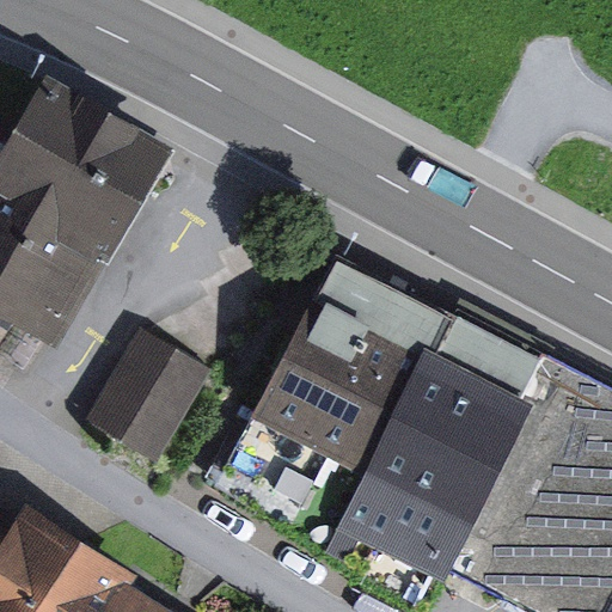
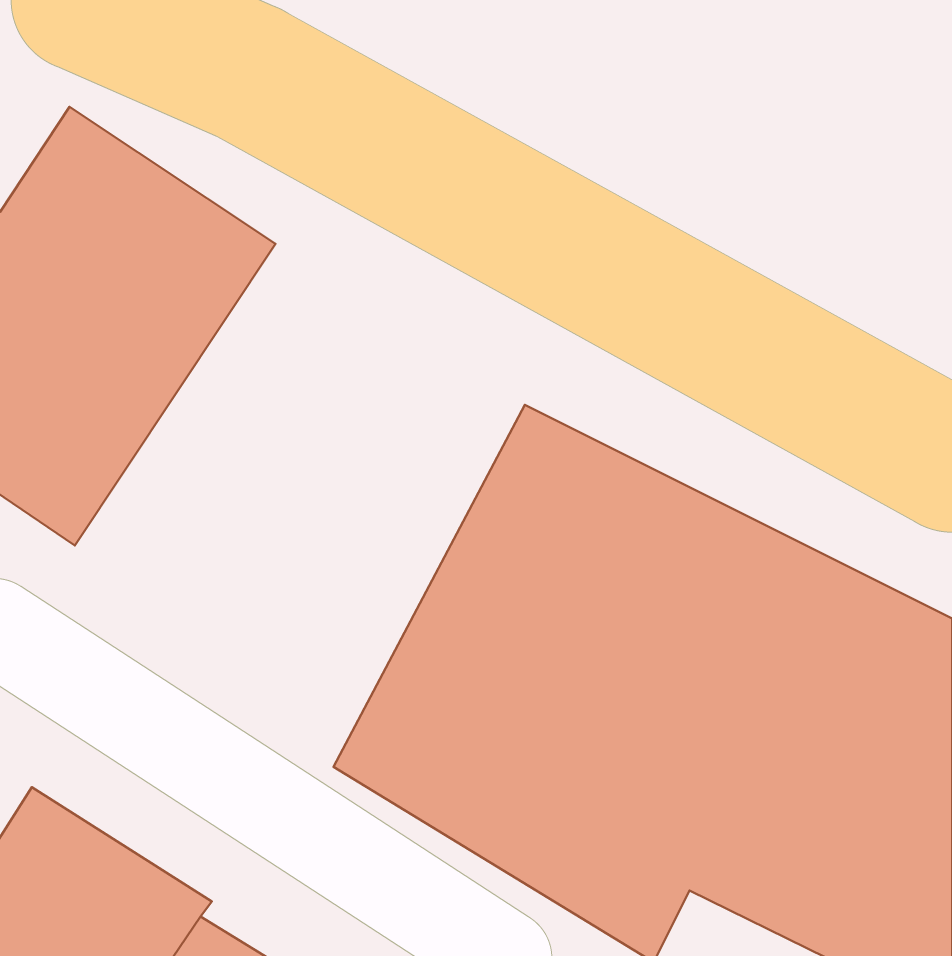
building: [106,329,219,454] -> none

